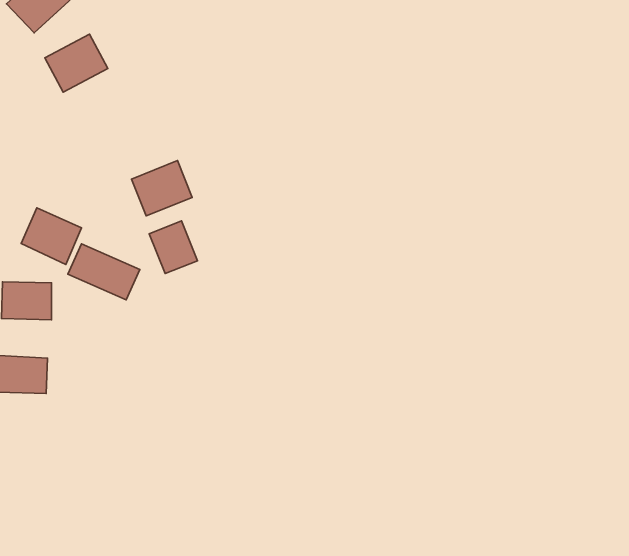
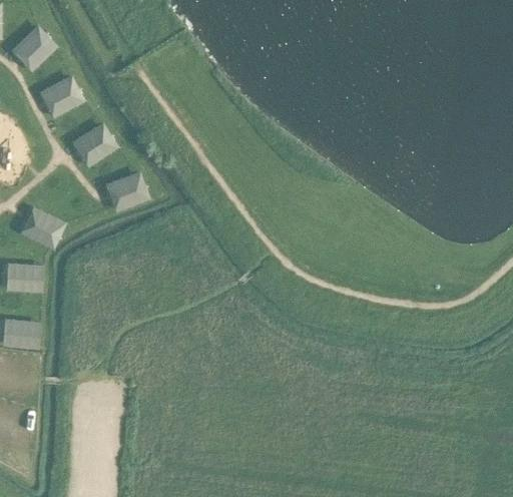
building: none -> [70,122,117,167]
building: [149,221,198,274] -> none
building: [68,244,140,300] -> none

